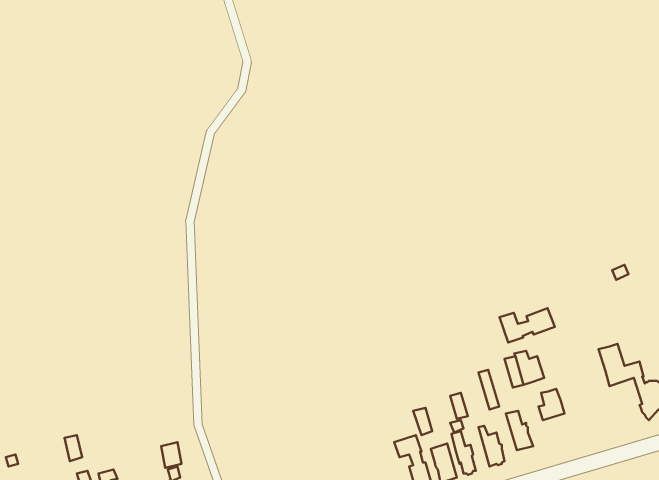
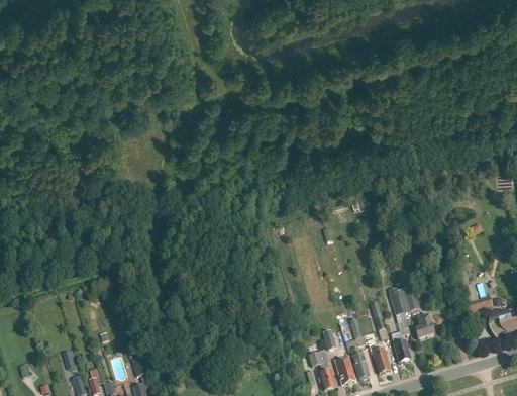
building: [500,308,555,342] -> none

